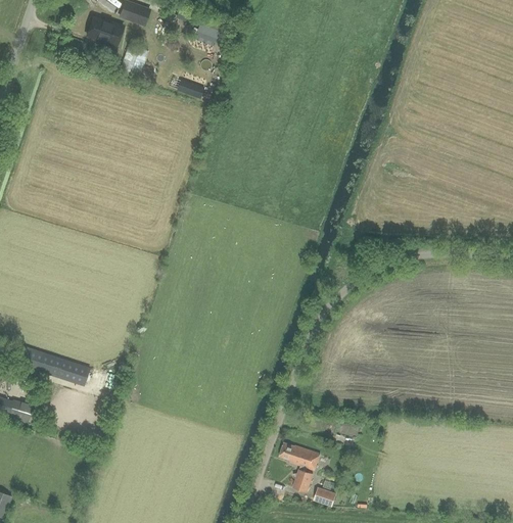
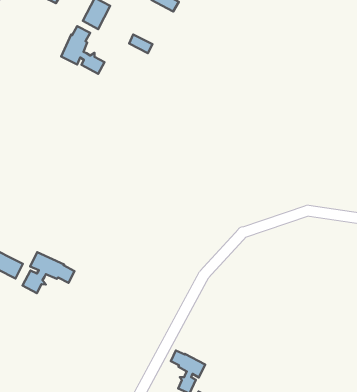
building: none -> [61,26,104,74]
building: none -> [22,252,75,293]

